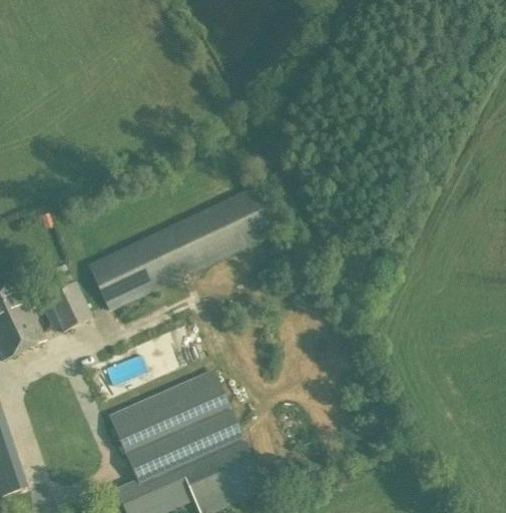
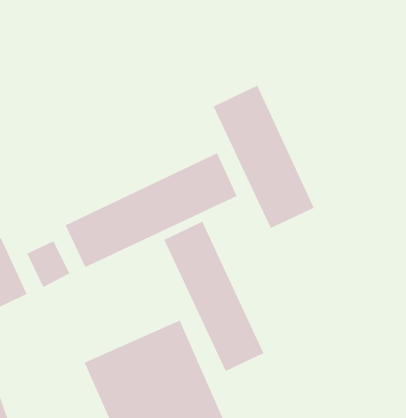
building: none -> [213,85,314,229]
building: none -> [164,221,264,372]

